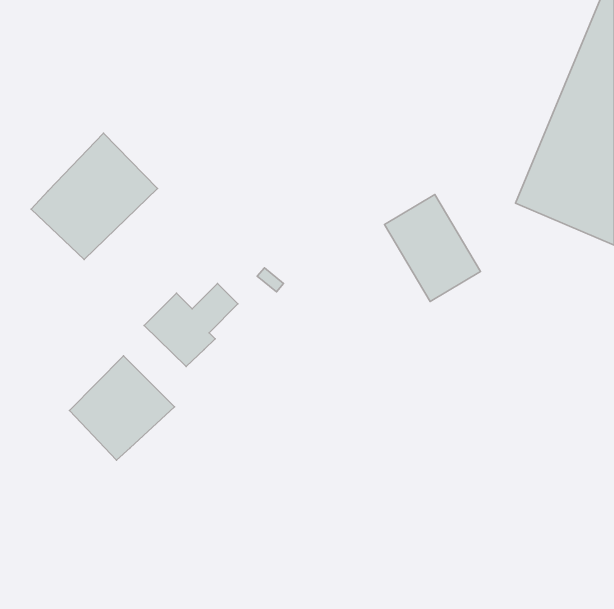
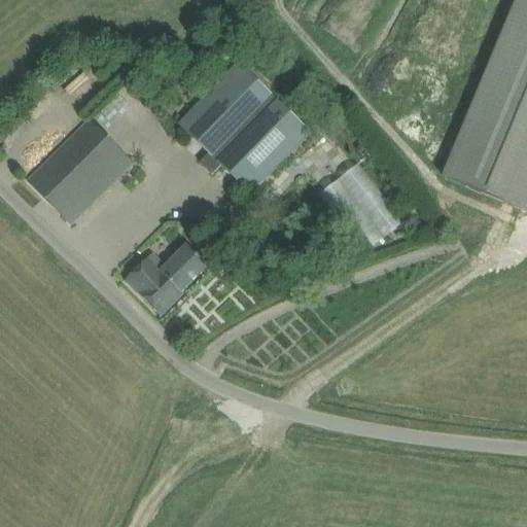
building: none -> [176,58,311,192]
building: [69,356,175,460] -> none

